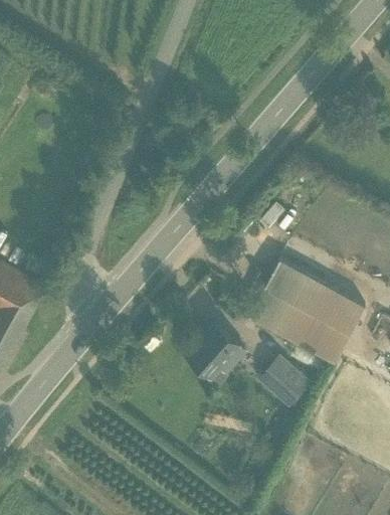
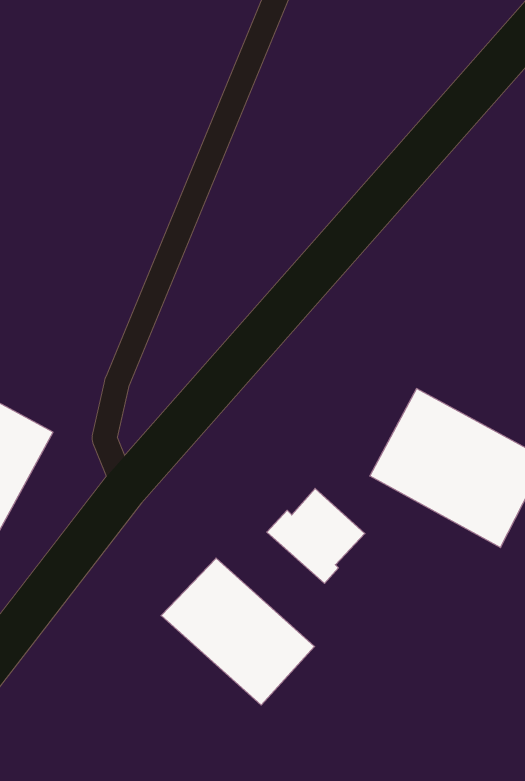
building: [258,354,313,407] -> none
building: none -> [161,558,315,705]

